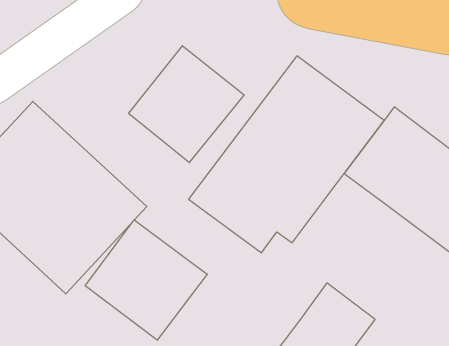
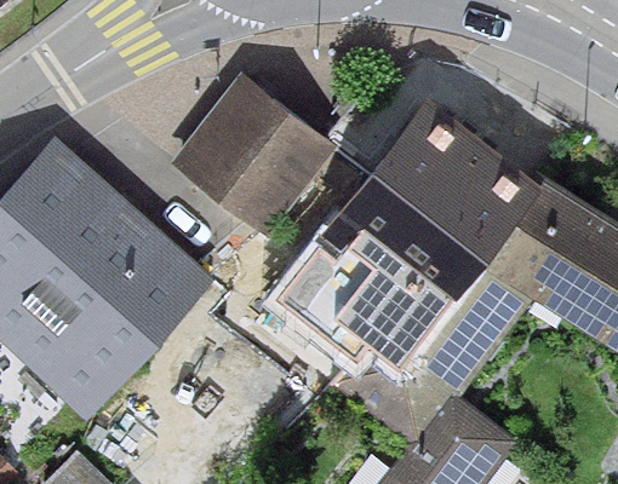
building: none -> [333,248,525,443]
building: [85,220,207,340] -> none

